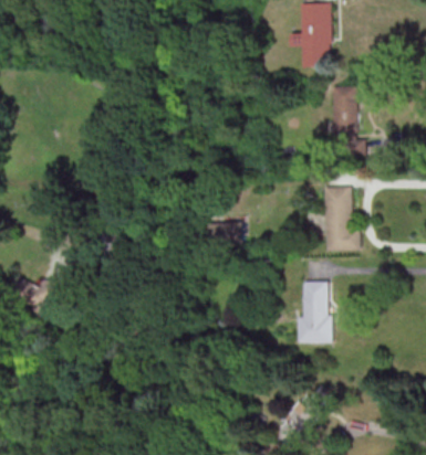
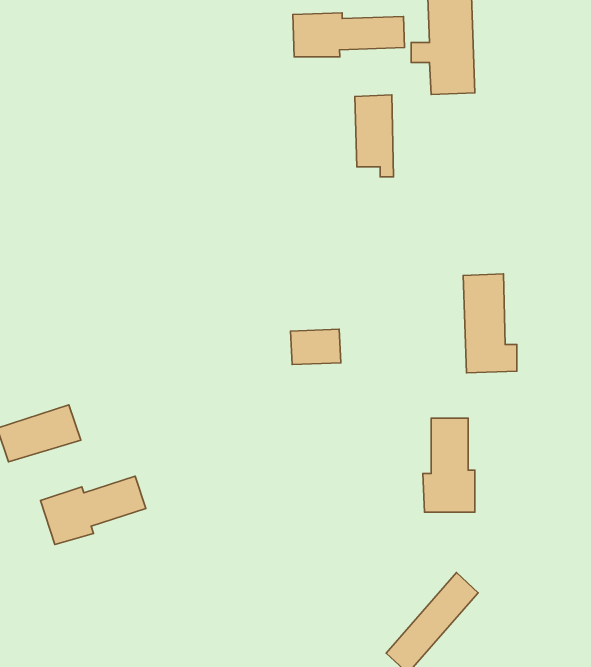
building: none -> [293,13,404,57]
building: [332,85,357,139] -> [355,95,394,177]
building: none -> [41,476,146,544]

